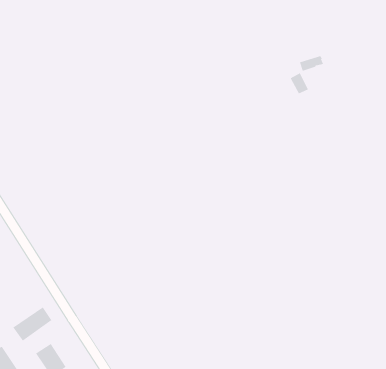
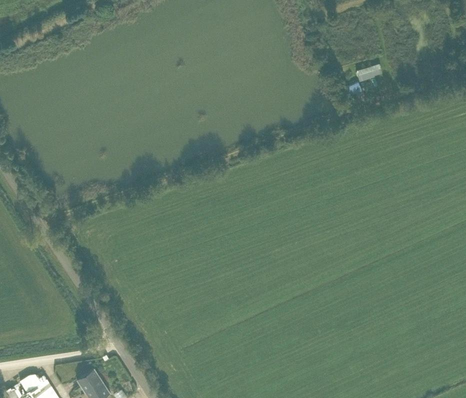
building: [12,307,52,342] -> none

